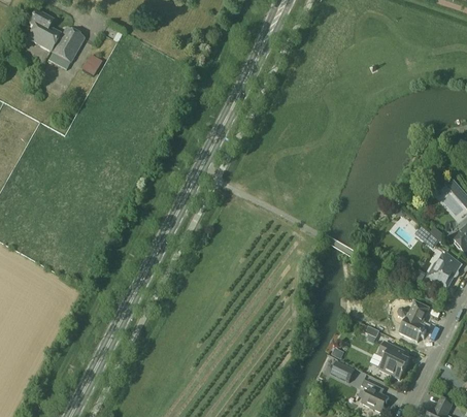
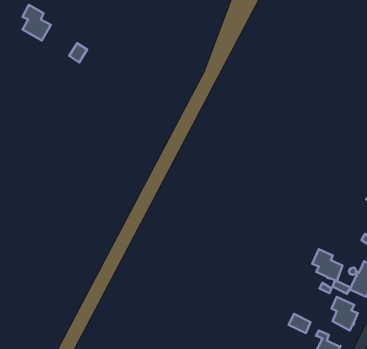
building: [52,27,86,63] -> none
building: none -> [312,249,343,281]

